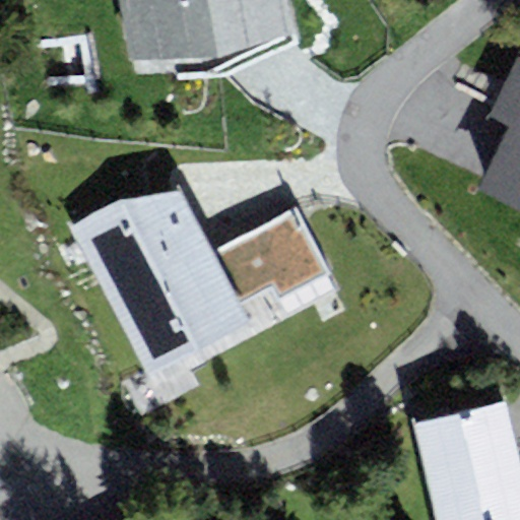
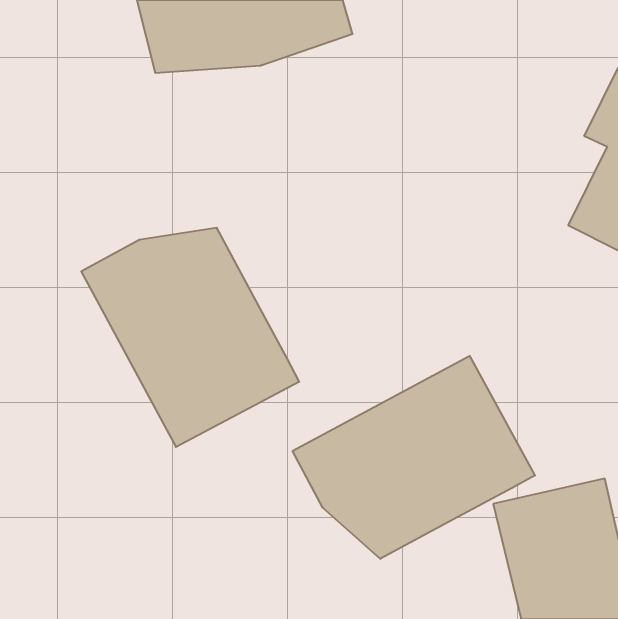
building: [215,208,330,301] -> none
building: none -> [293,356,535,559]

